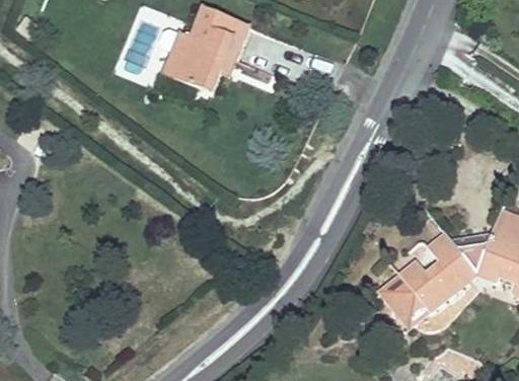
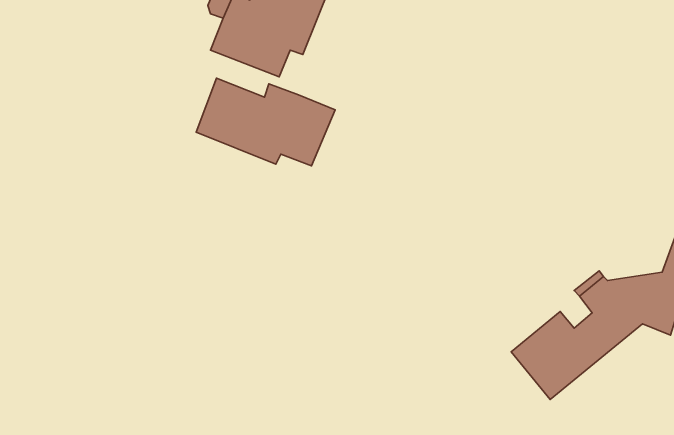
building: none -> [196,78,335,166]

